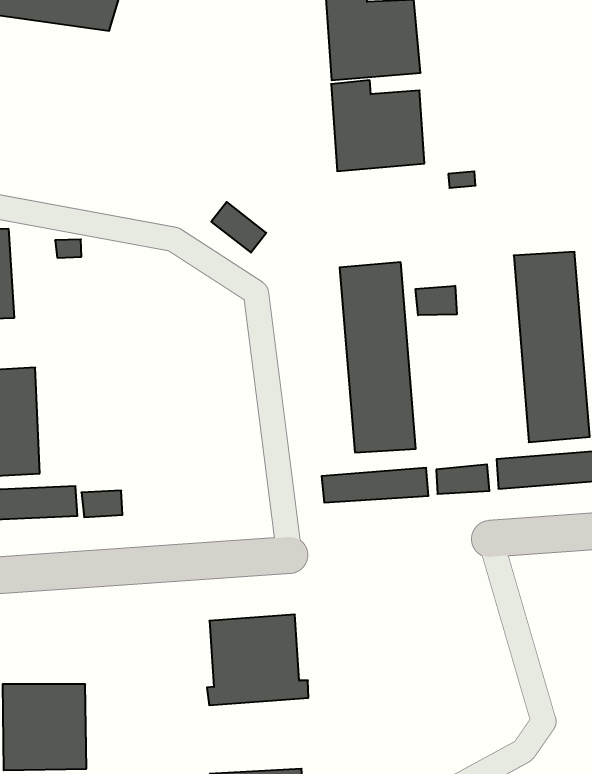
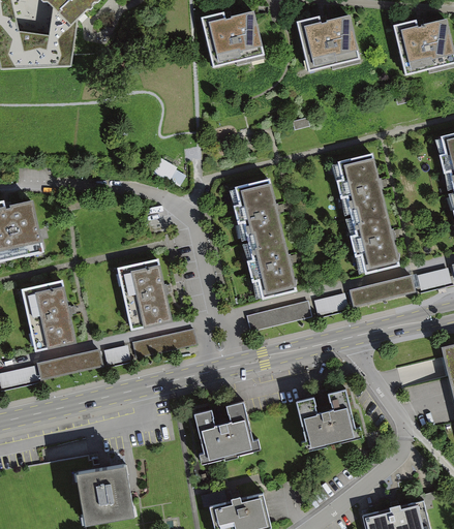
building: [331,80,424,171] -> [295,23,359,81]
building: [416,286,457,315] -> none
building: none -> [117,257,172,330]
building: none -> [131,328,196,357]
building: none -> [295,387,362,452]

